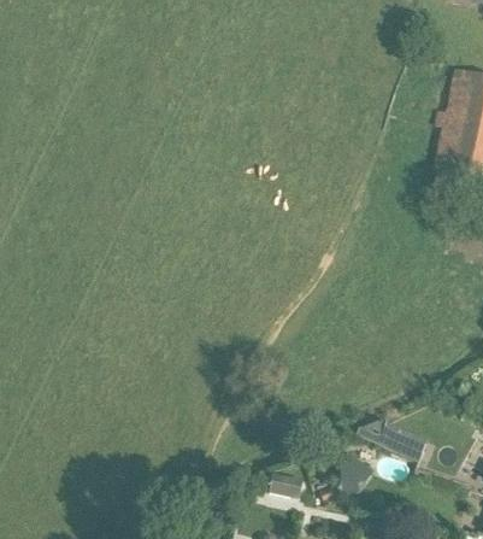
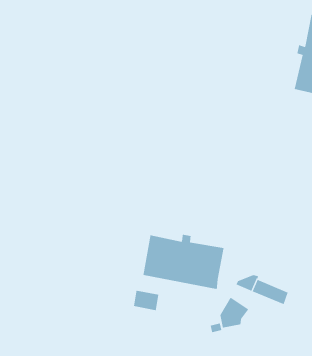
building: none -> [143,234,224,290]
building: [269,471,304,499] -> [133,290,159,311]

